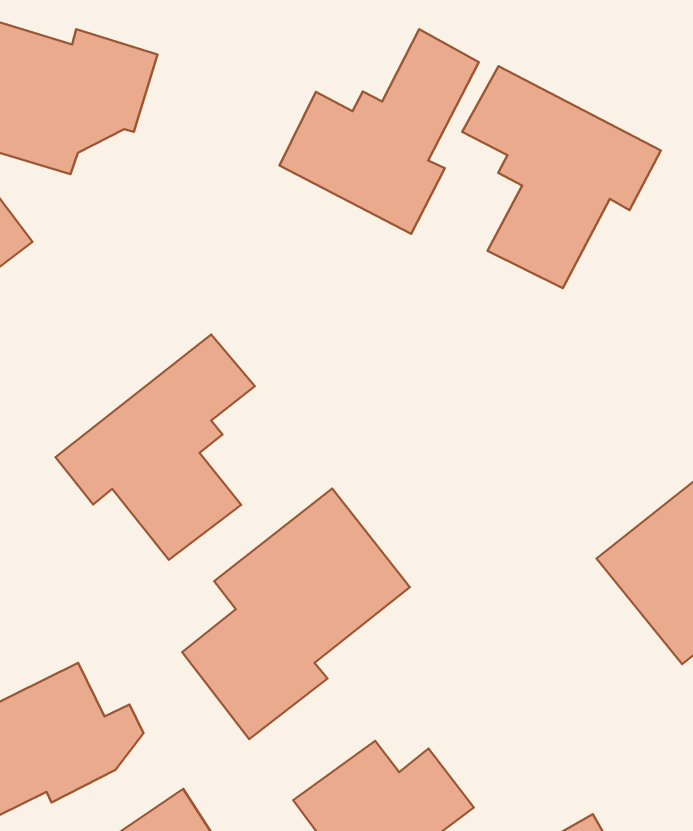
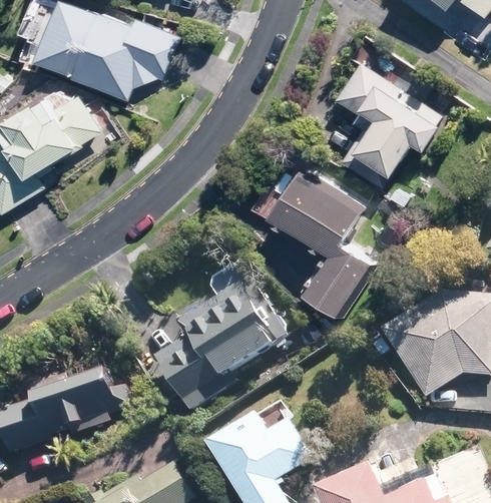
building: [279,29,479,234] -> none
building: none -> [272,170,370,314]
building: [55,334,255,560] -> none

